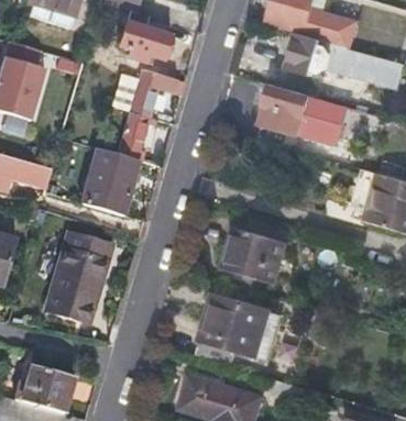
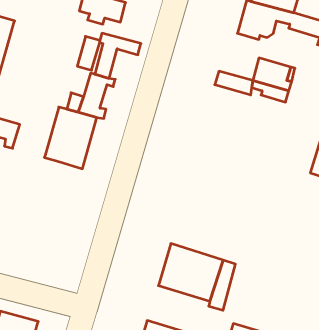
building: [262,84,308,120] -> none
building: [221,228,286,285] -> none
building: [45,231,112,324] -> none

